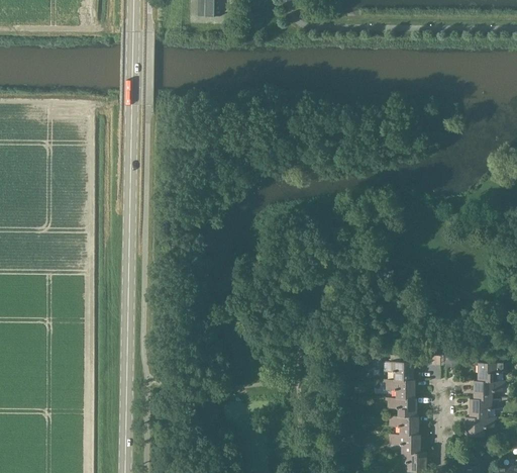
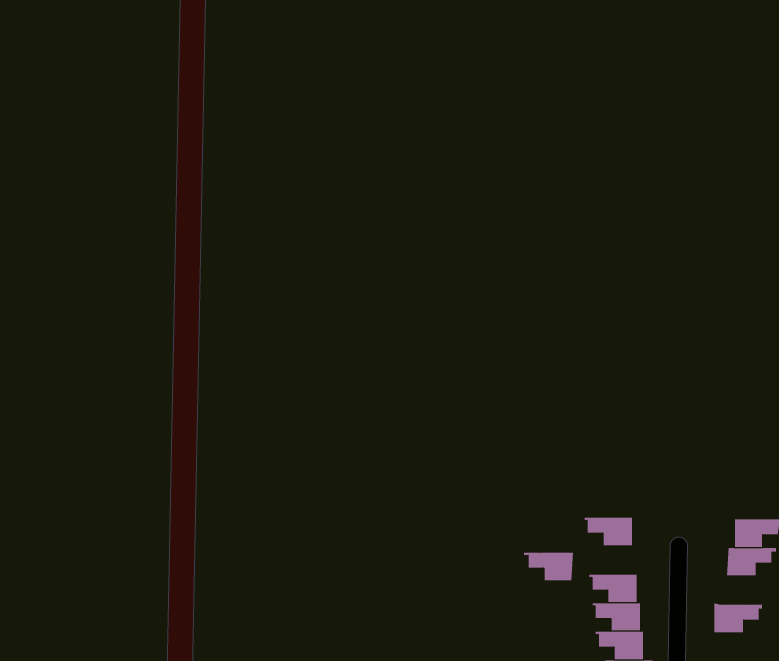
building: [384,380,416,398] -> [523,552,574,581]
building: [470,399,501,417] -> none

